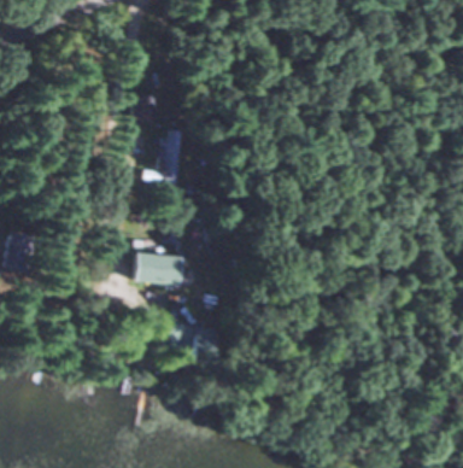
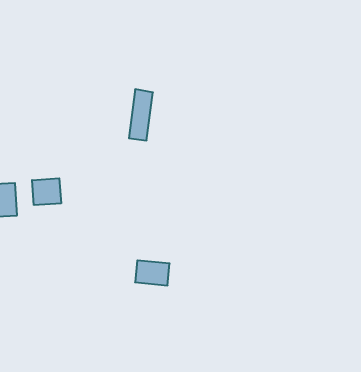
building: none -> [32,178,61,205]
building: [130,252,177,283] -> none

